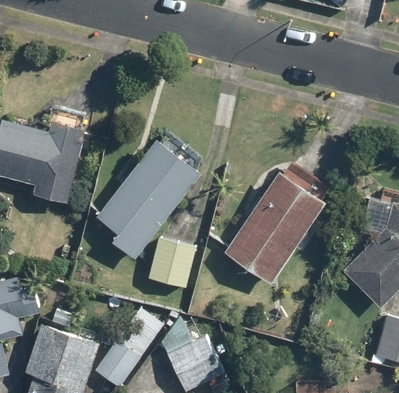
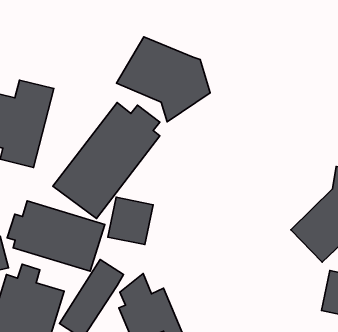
building: none -> [117,37,210,122]
building: [225,165,335,284] -> none
building: none -> [7,201,105,271]

